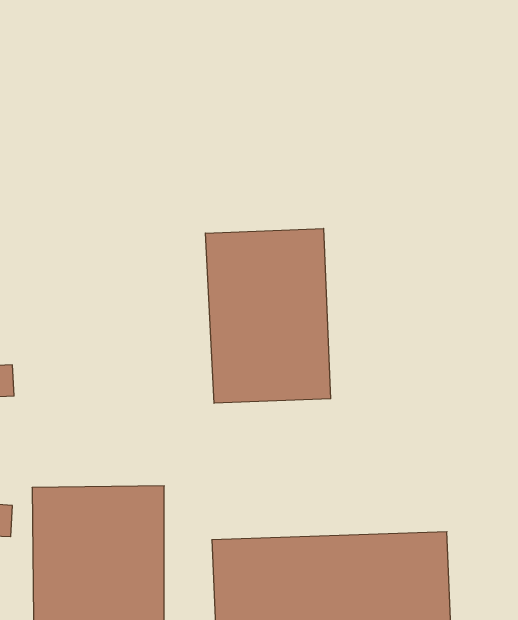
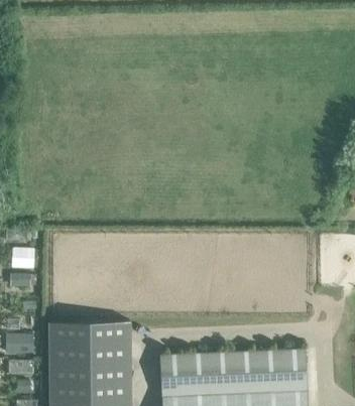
building: [205,228,331,403] -> none

